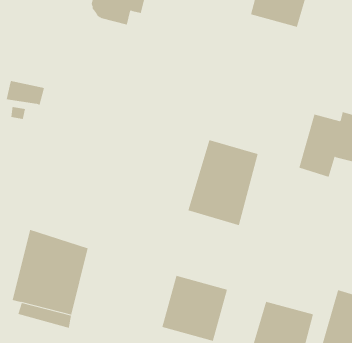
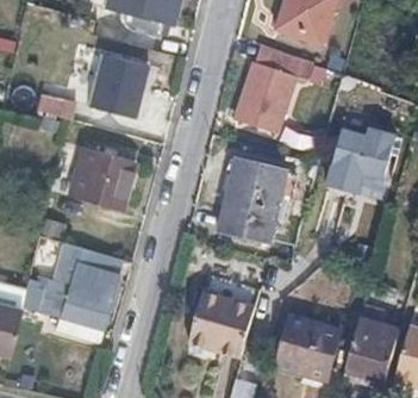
building: none -> [243,43,316,133]
building: none -> [83,52,144,118]
building: none -> [63,144,136,209]

